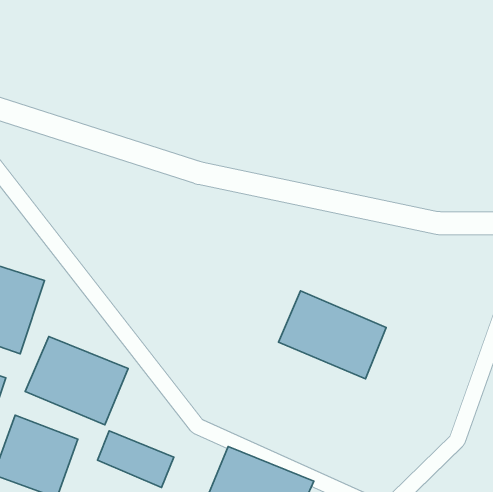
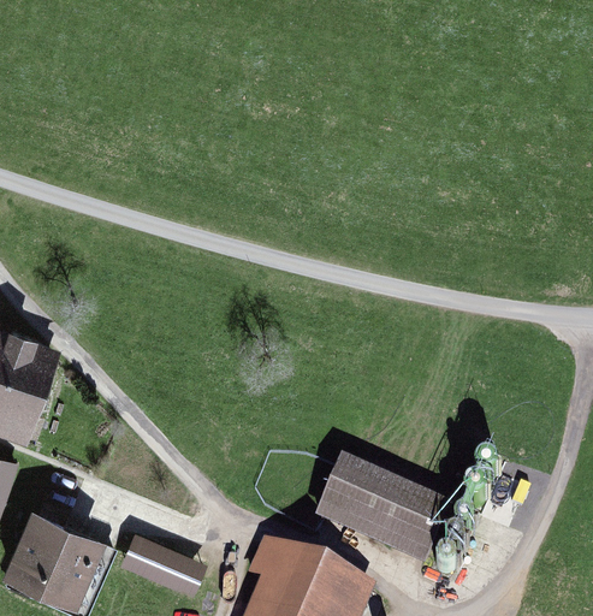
building: [279,291,386,379] -> [316,461,440,562]
building: [25,336,128,425] -> none

